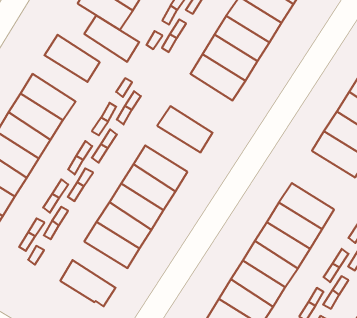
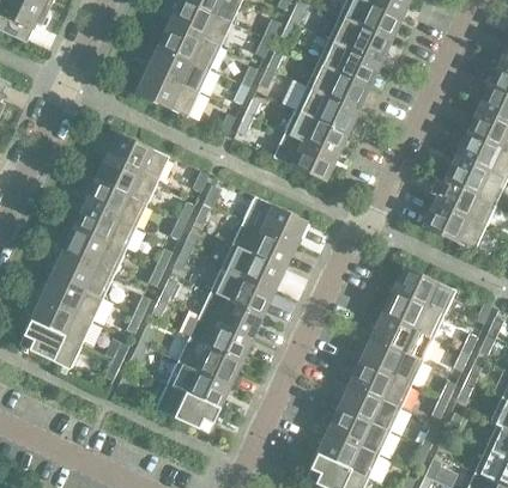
building: [84,15,139,62] -> [95,157,158,205]
building: none -> [232,220,296,268]
building: none -> [167,361,230,409]

